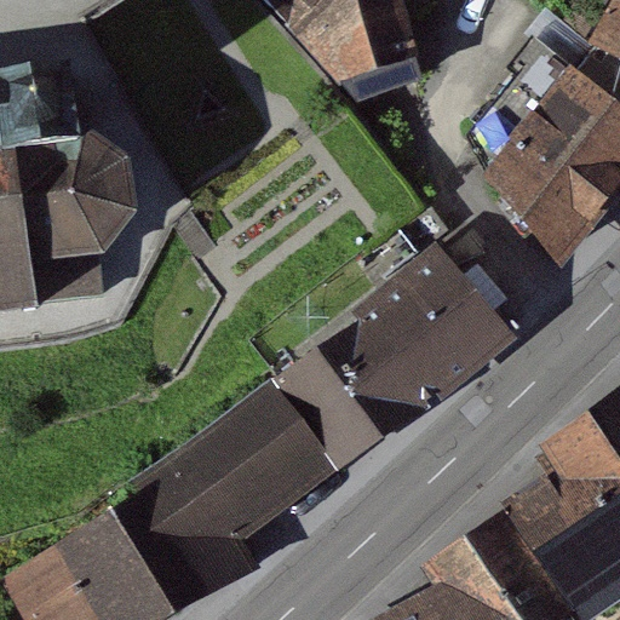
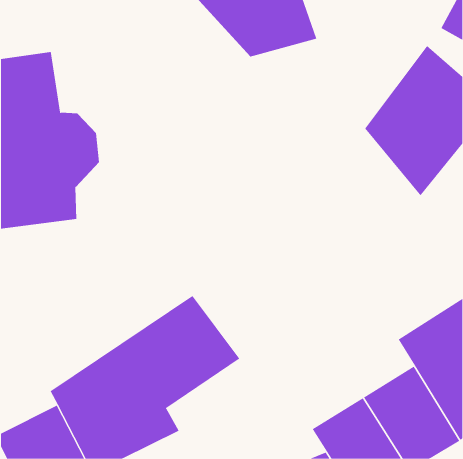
building: [258,256,512,480] -> none

